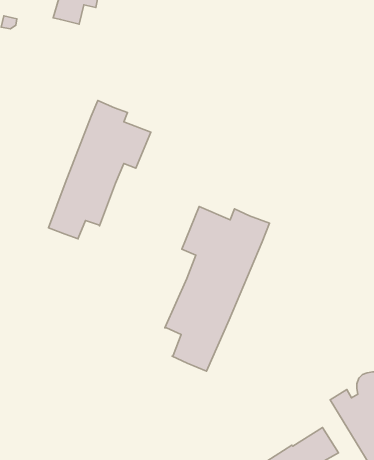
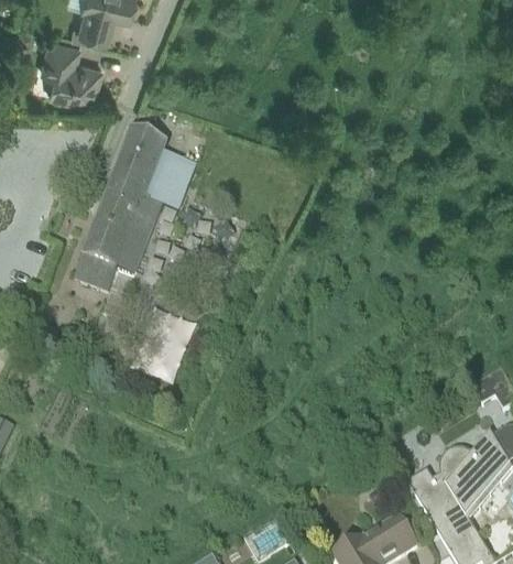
building: none -> [43,36,102,99]
building: [165,206,270,371] -> none

